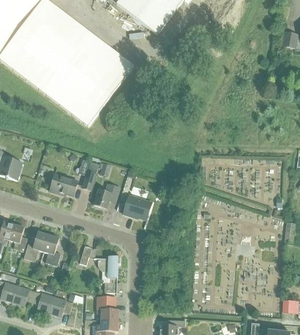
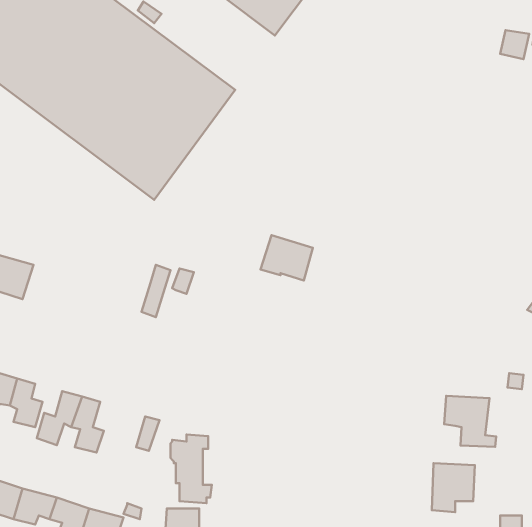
building: [51,173,79,195] -> none
building: [95,183,122,208] -> none
building: [123,194,152,219] -> [261,235,313,280]
building: none -> [444,396,496,447]

